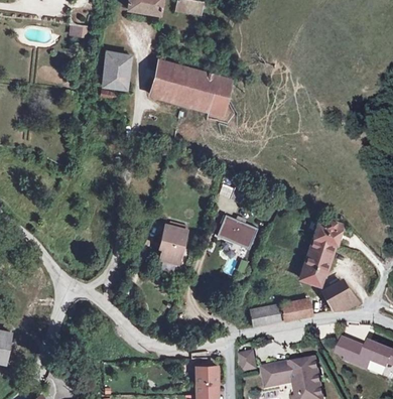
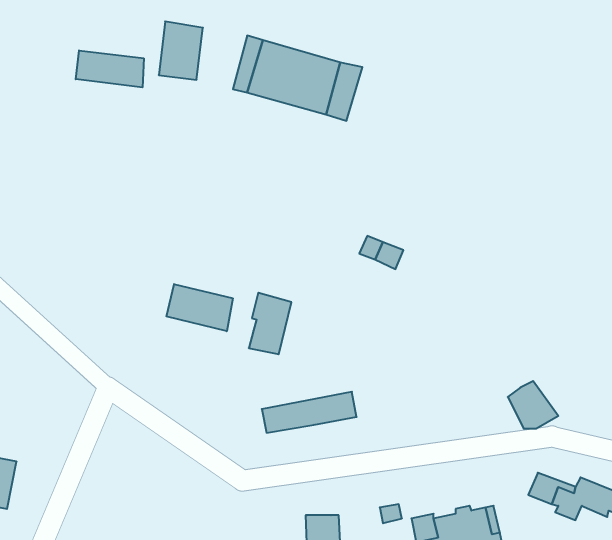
building: none -> [76,50,144,87]
building: [217,214,258,249] -> none
building: [299,216,343,284] -> none
building: none -> [166,284,233,331]
building: [251,298,311,324] -> [262,392,357,433]

